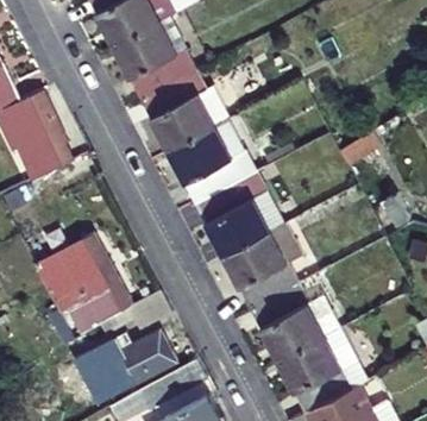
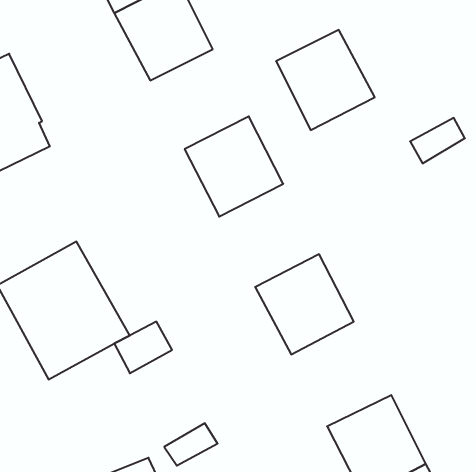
building: [145,80,220,156] -> [276,30,375,130]
building: [197,182,274,260] -> none
building: [252,287,328,366] -> none
building: [82,334,172,389] -> none

